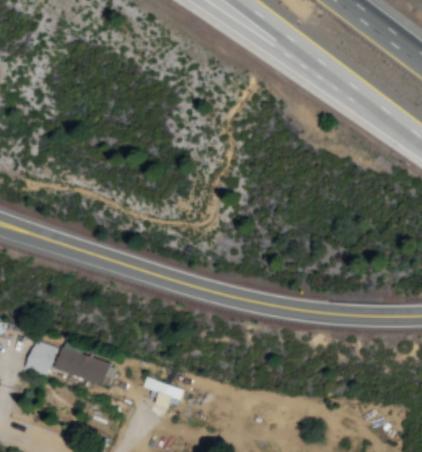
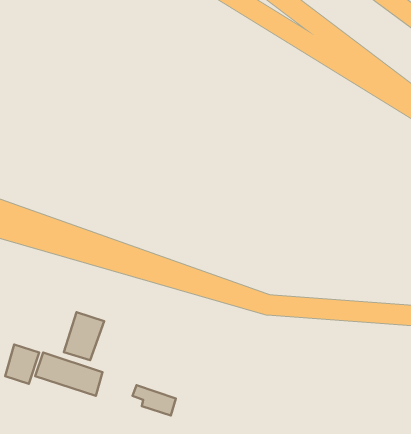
building: none -> [64,312,104,360]

